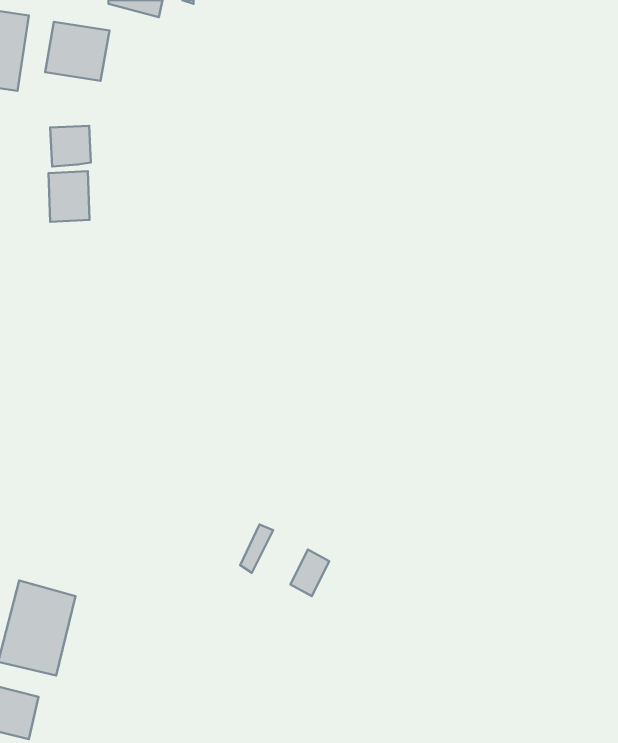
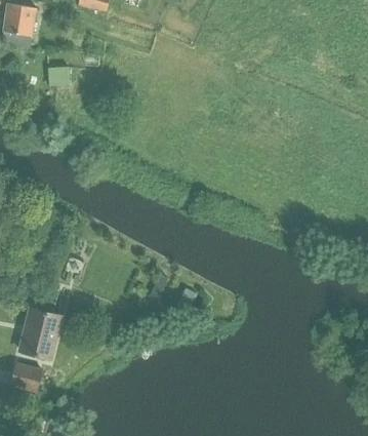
building: [45,22,109,81] -> none
building: [49,171,90,222] -> none

